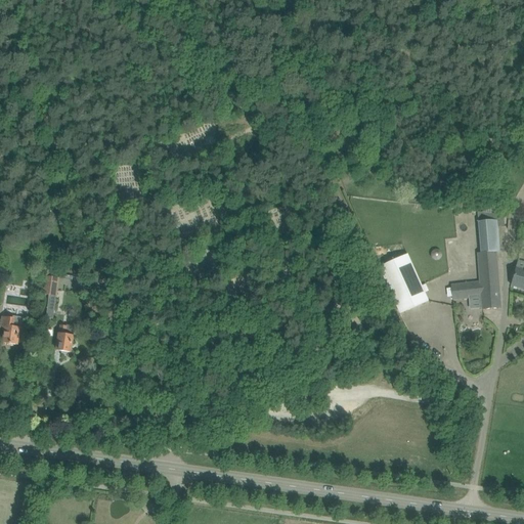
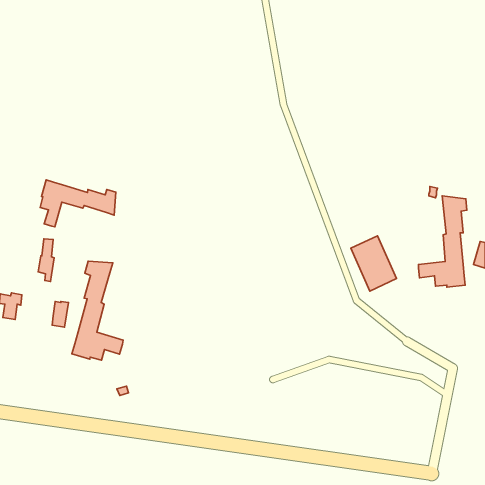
building: none -> [40,180,116,227]
building: none -> [72,261,123,360]

